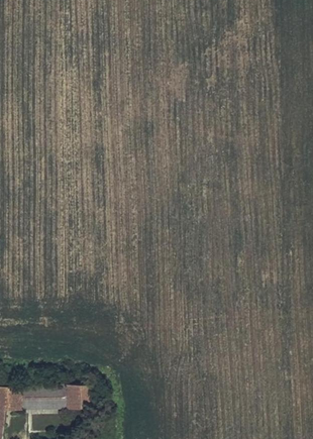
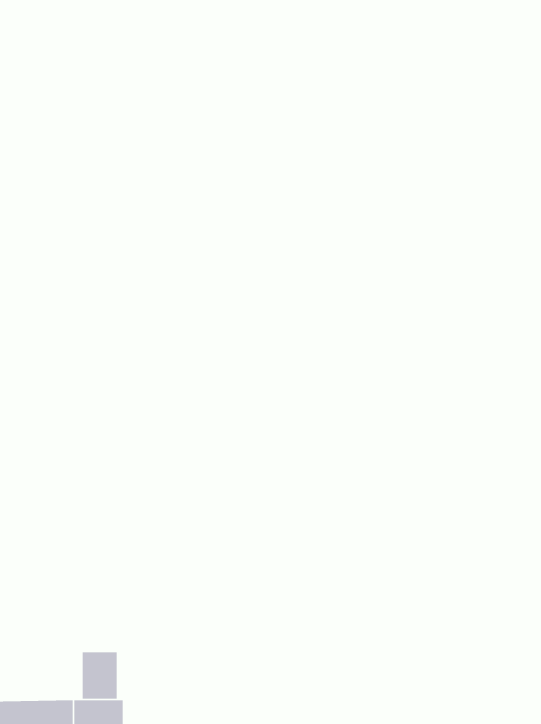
building: none -> [82,652,118,699]

